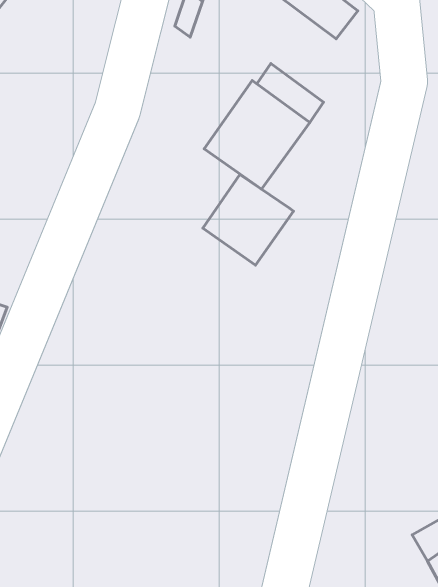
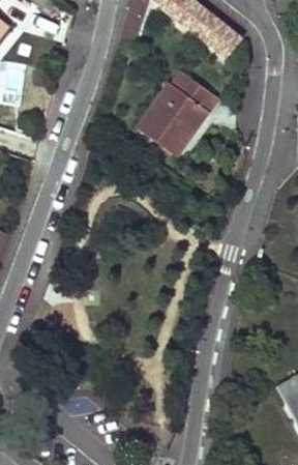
building: [203,174,294,265] -> none

